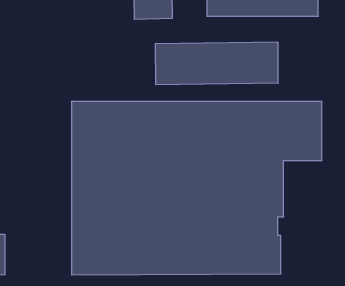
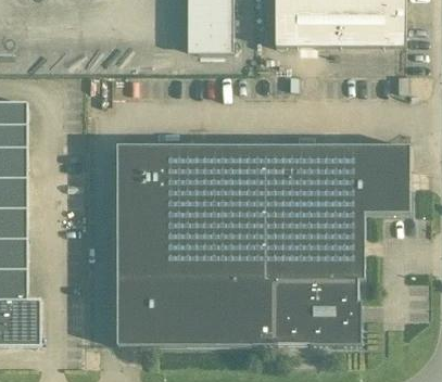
building: [156,42,278,85] -> none

